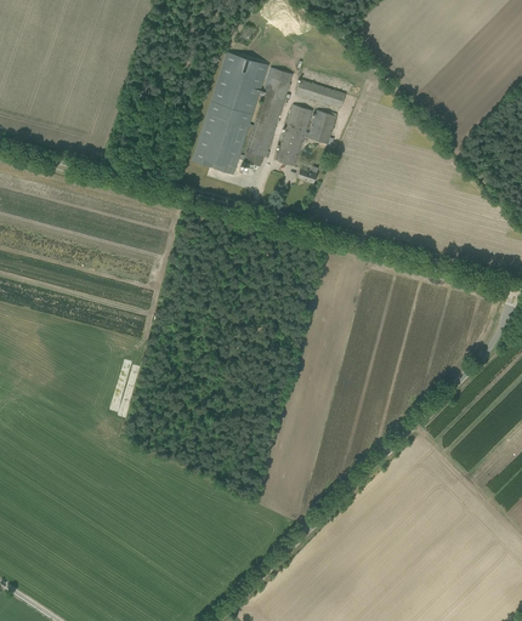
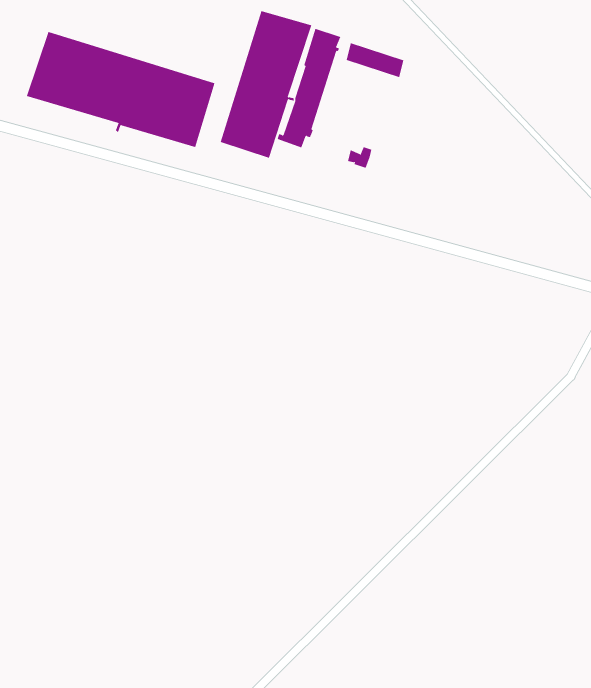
building: none -> [26,31,215,148]
building: [273,103,335,166] -> none

